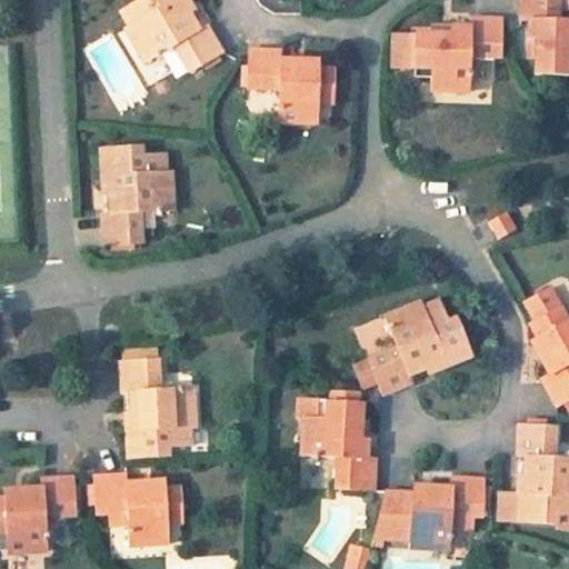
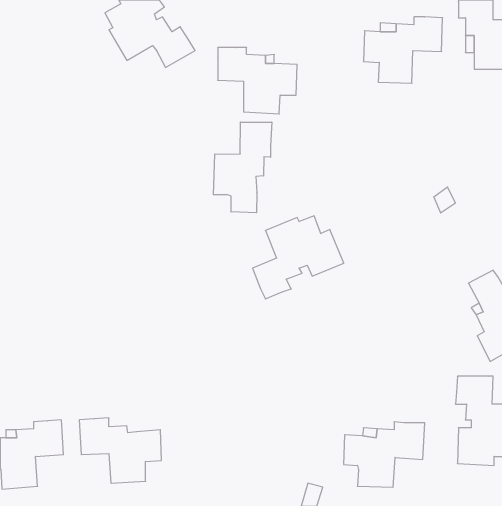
building: none -> [213,122,272,213]
building: [101,149,174,249] -> none
building: [368,298,470,391] -> [253,216,344,299]
building: [126,353,197,453] -> none
building: [300,398,375,487] -> none

